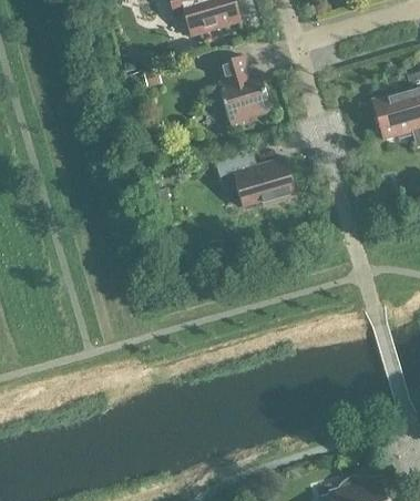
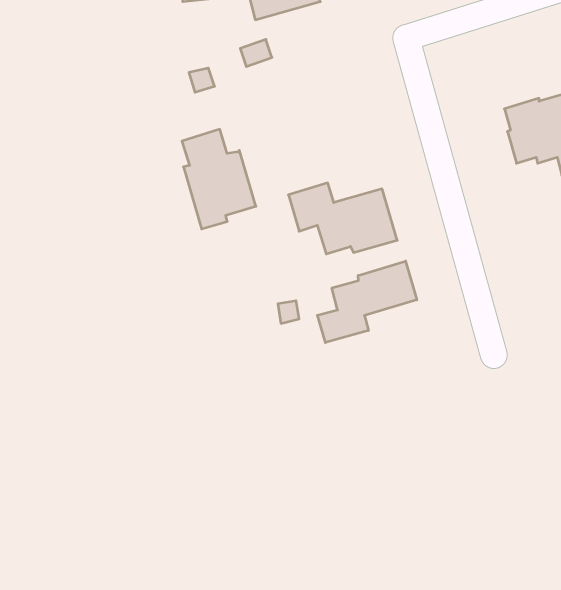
building: [216,54,270,127] -> [182,129,256,229]
building: none -> [317,261,417,343]

